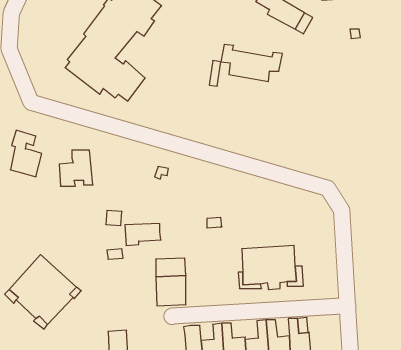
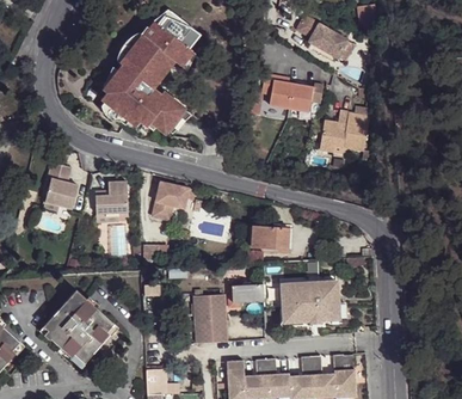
building: none -> [322,113,371,153]
building: none -> [156,182,195,208]
building: none -> [252,226,289,248]
building: [125,224,161,246] -> [227,284,264,307]

